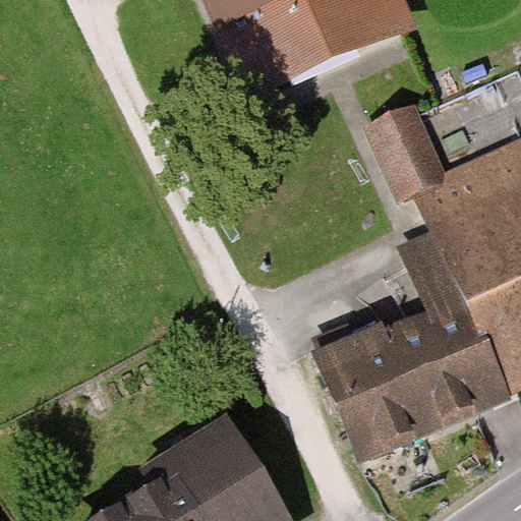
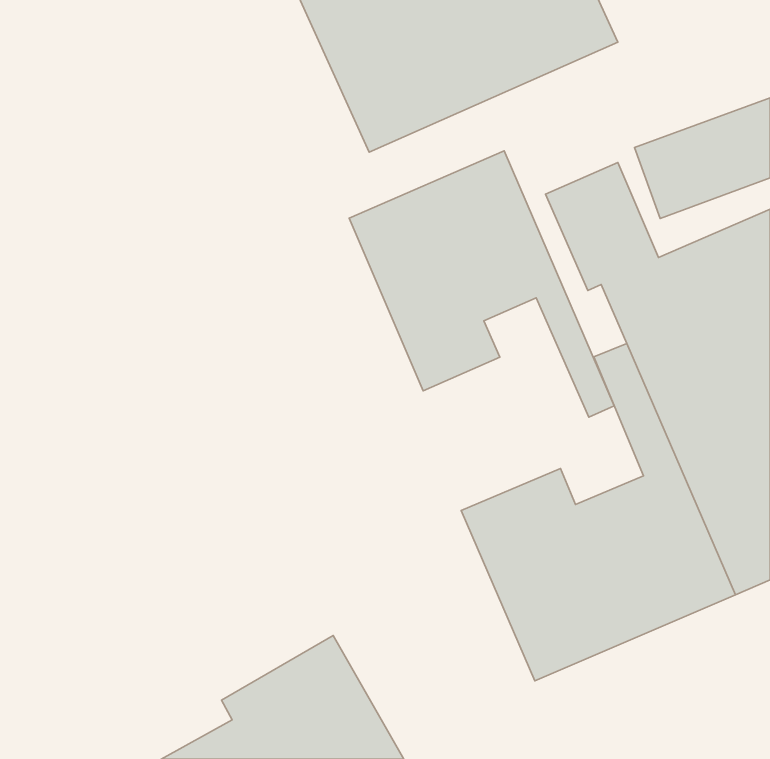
building: none -> [349,151,614,417]

